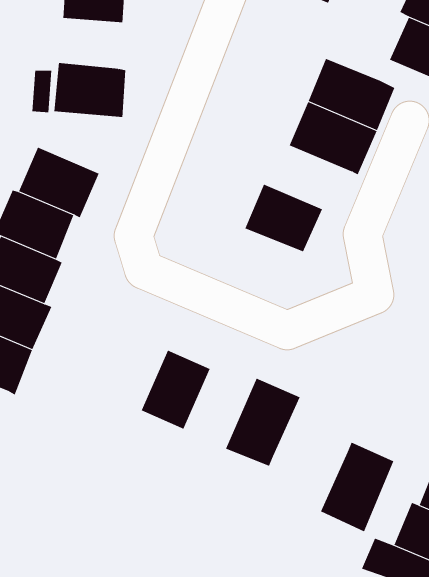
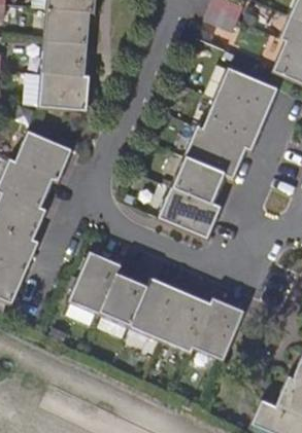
building: none -> [41,41,87,76]
building: none -> [184,128,246,177]
building: none -> [159,187,220,238]
building: none -> [68,252,121,314]
building: none -> [129,279,179,340]
building: [320,442,394,532] -> [192,297,243,360]

